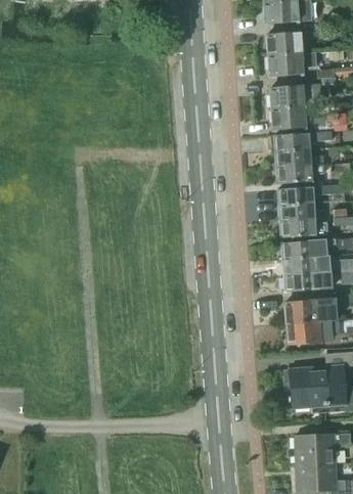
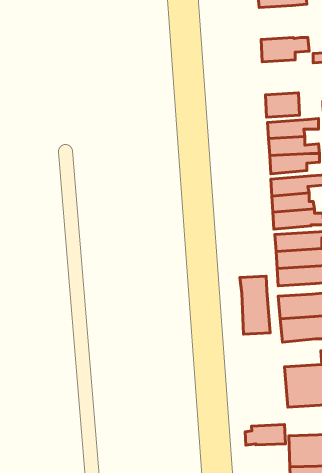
building: [266,32,305,55] -> none
building: [269,85,303,108] -> none
building: none -> [240,276,270,334]
building: none -> [245,424,285,445]

